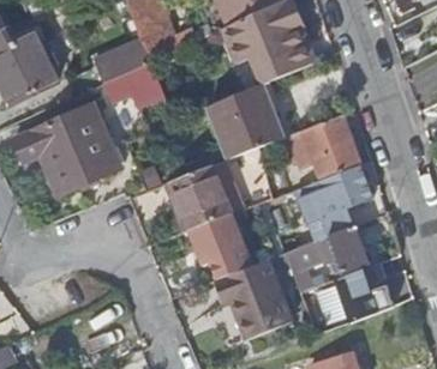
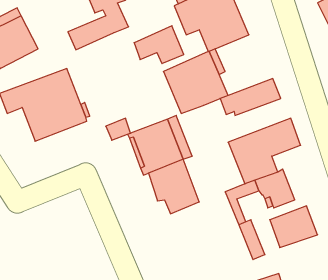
building: [103,61,163,107] -> [134,26,184,64]
building: [295,140,360,180] -> none
building: [217,259,291,338] -> none

